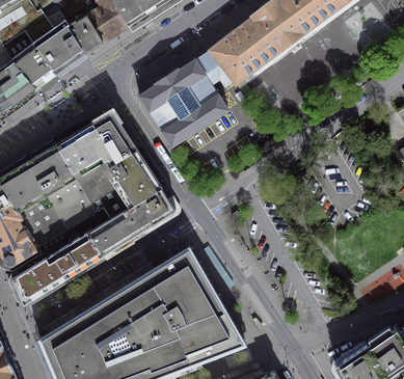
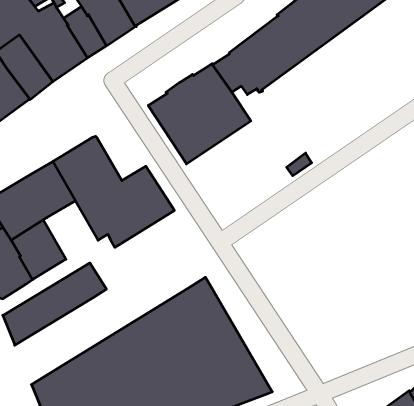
building: [93,111,136,161] -> none
building: [47,179,95,229] -> none
building: [87,187,174,255] -> none

